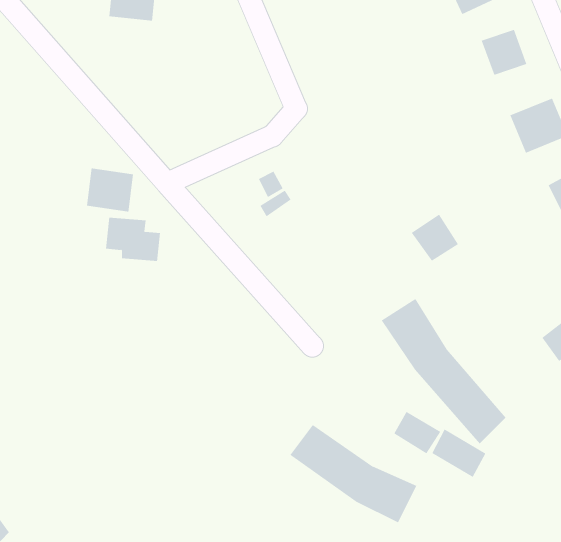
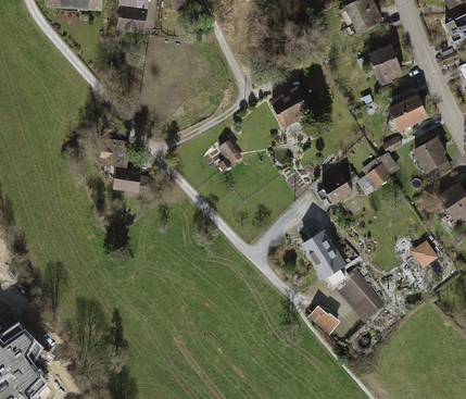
building: none -> [270,87,310,125]
building: none -> [352,153,398,195]
building: [290,424,417,523] -> none
building: [431,429,486,478] -> none

